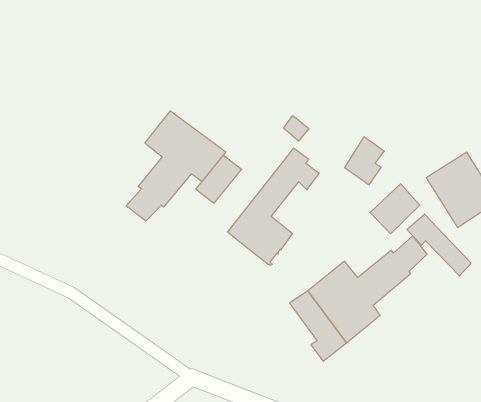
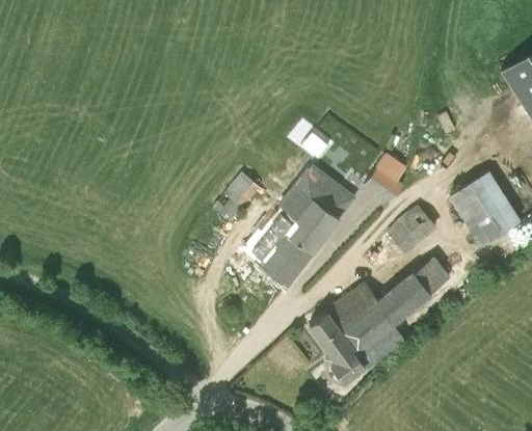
building: [126,111,226,221] -> none
building: none -> [290,192,353,253]
building: [407,214,471,276] -> none

